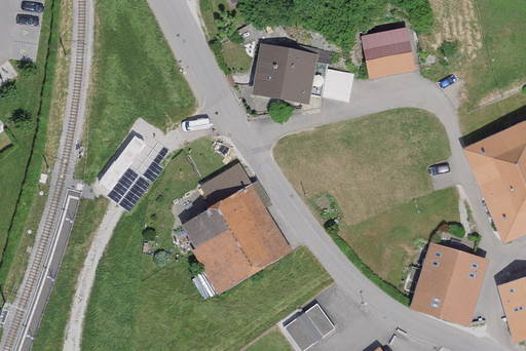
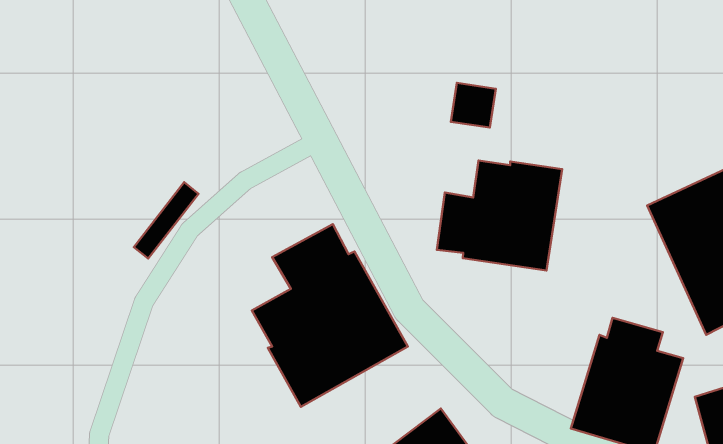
building: [364,31,414,79] -> none
building: [259,48,313,100] -> none
building: none -> [437,161,562,271]

